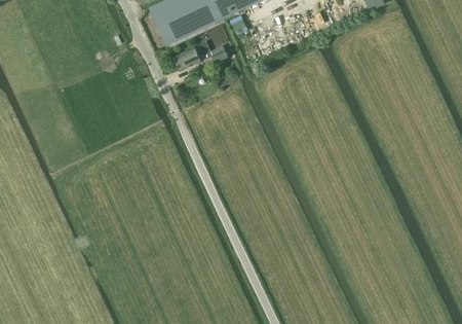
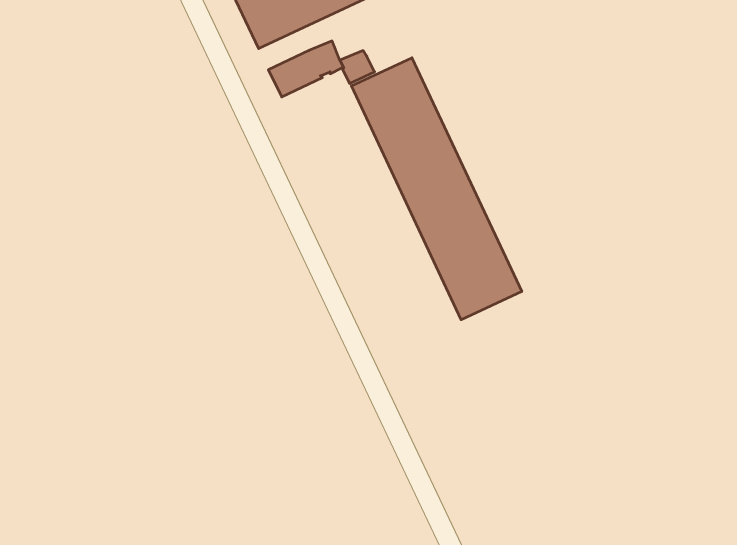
building: none -> [351,58,522,320]

